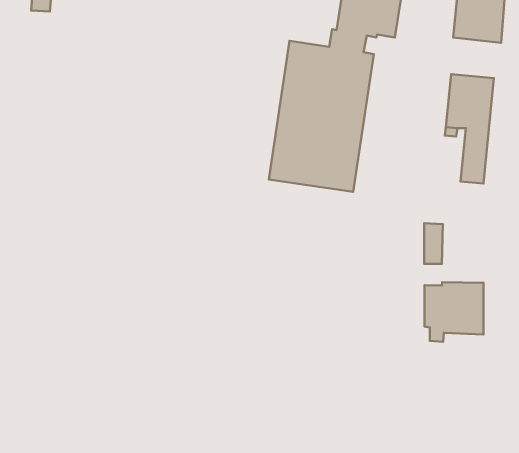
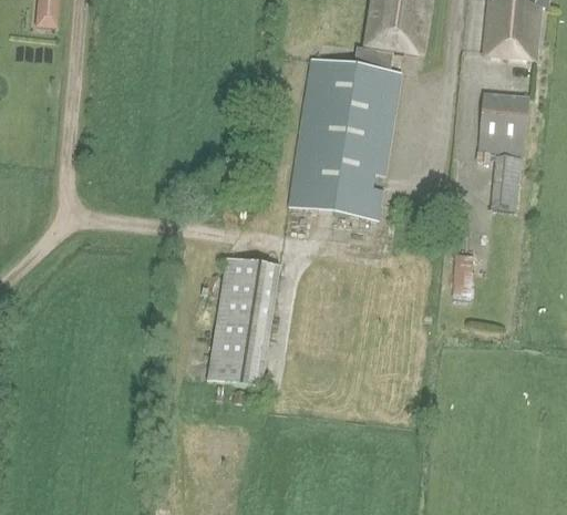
building: none -> [207,257,279,387]
building: [424,282,483,342] -> none

